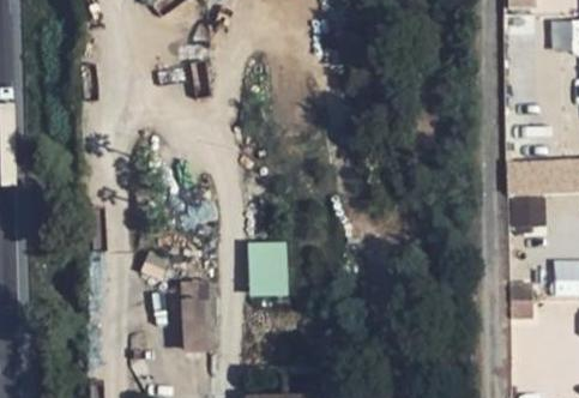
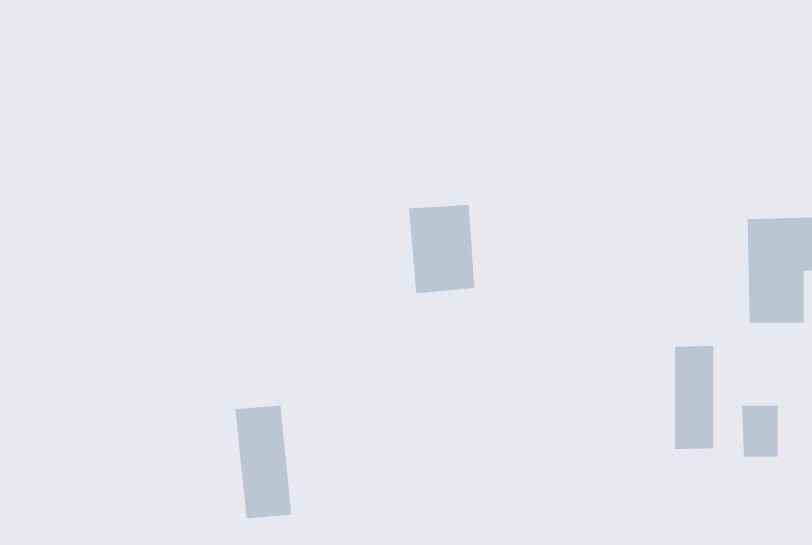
building: [246,240,289,297] -> [408,204,475,294]
building: none -> [674,345,714,450]

